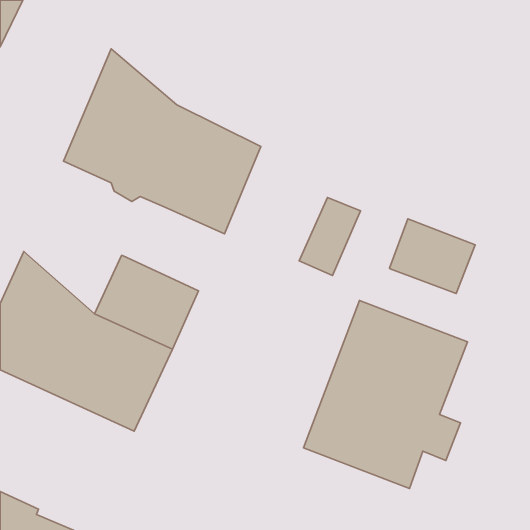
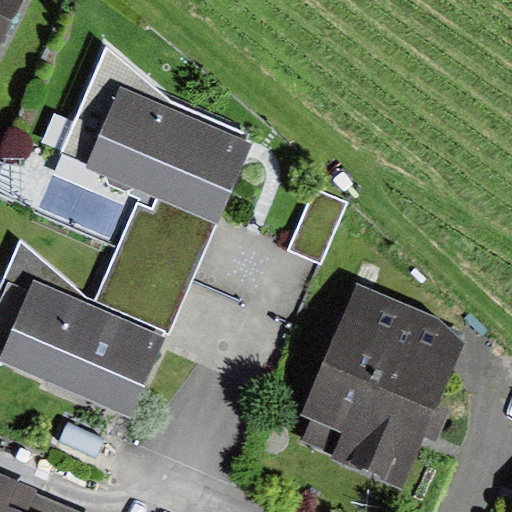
building: none -> [119,200,217,281]
building: [389,219,475,293] -> none

